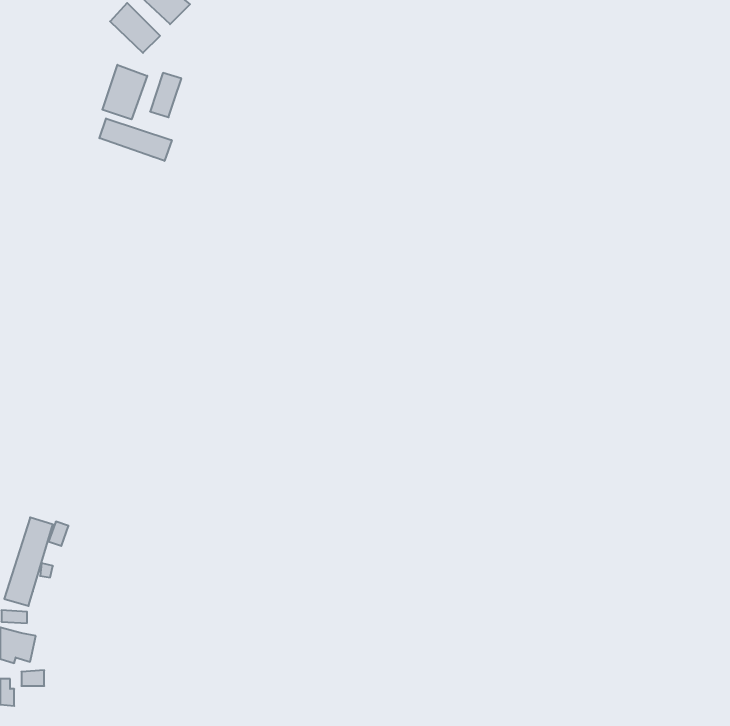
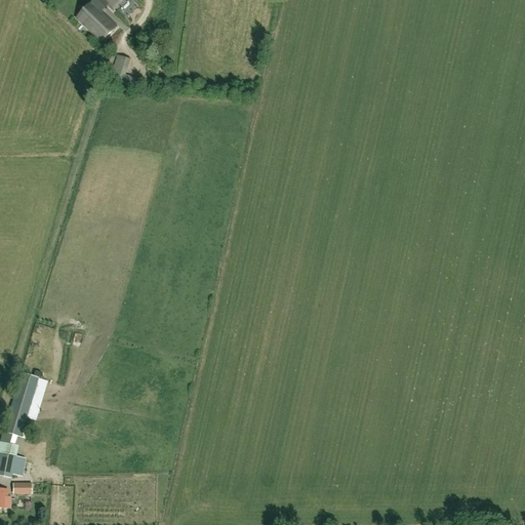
building: [102,65,147,119] -> none
building: [99,118,172,161] -> none

